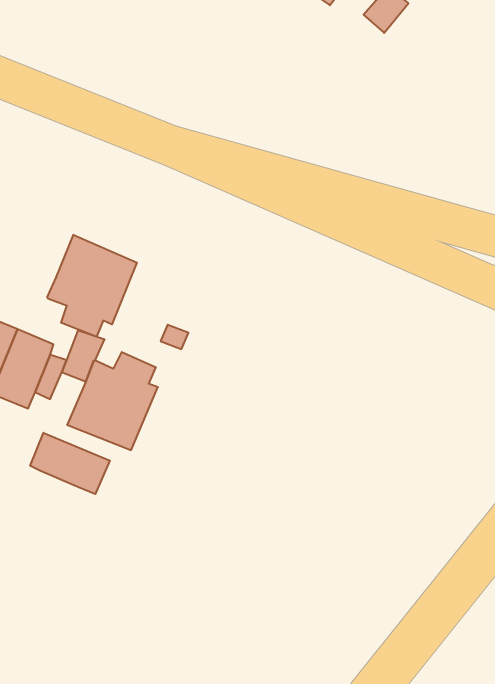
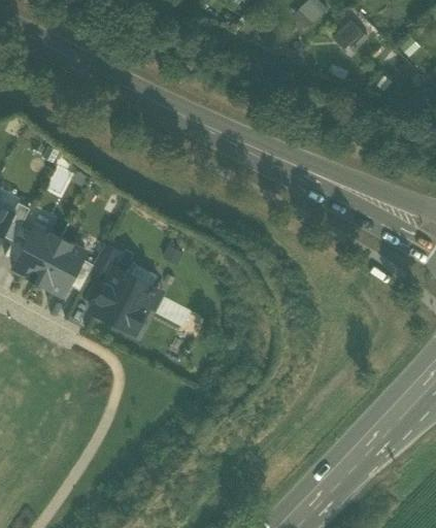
building: [47,235,137,337] -> none
building: [30,433,110,494] -> none

